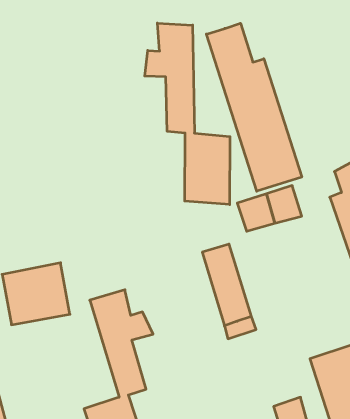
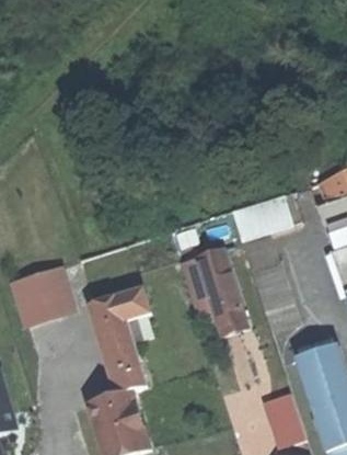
building: [145,23,230,205] -> none
building: [206,23,302,191] -> none

